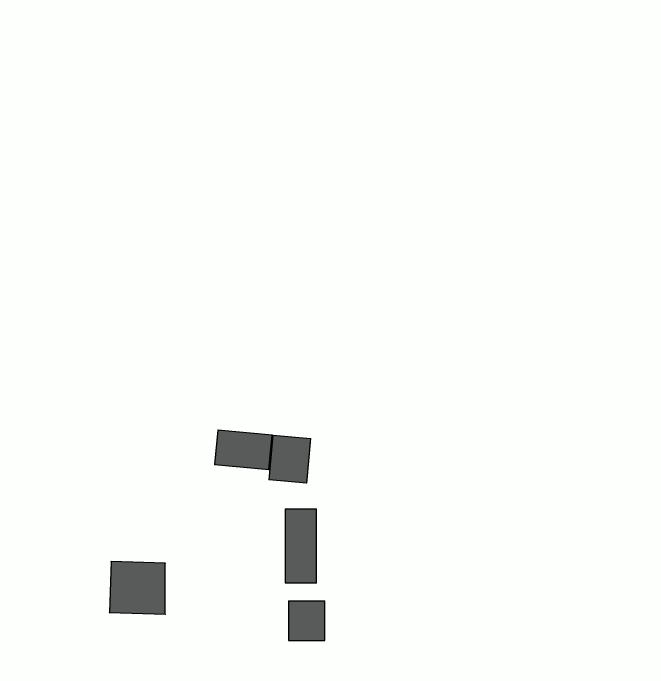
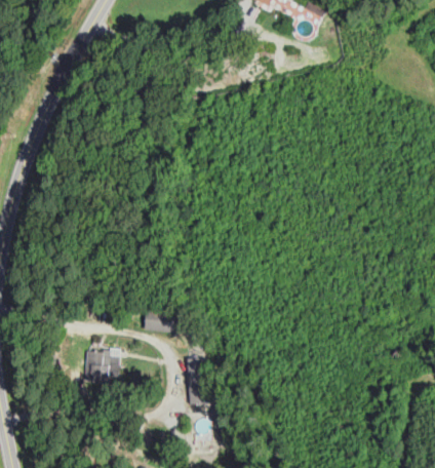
building: [269,435,311,483] -> none
building: [109,562,165,614] -> [84,349,119,382]

